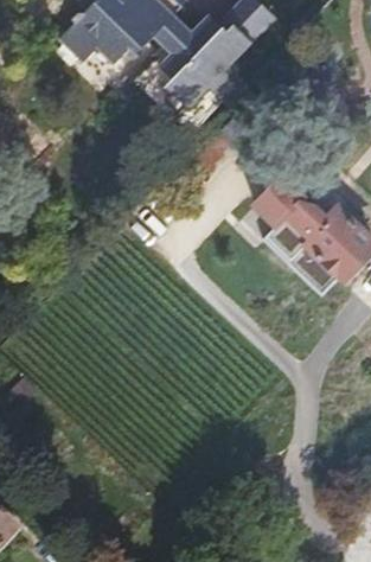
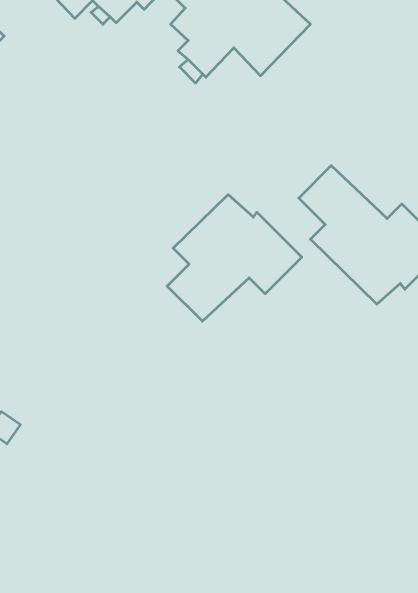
building: none -> [167,195,302,321]

